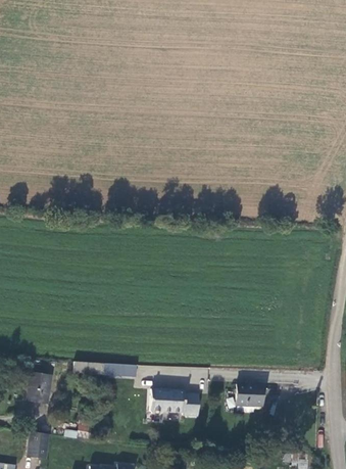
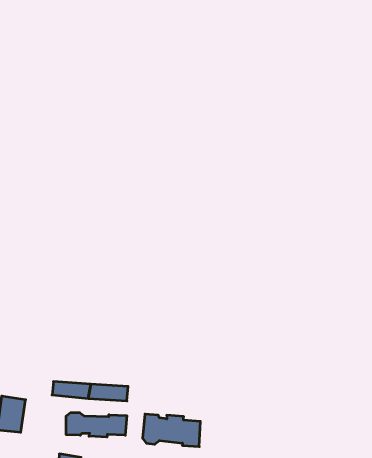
building: [236,382,264,412] -> none
building: none -> [66,413,127,437]

